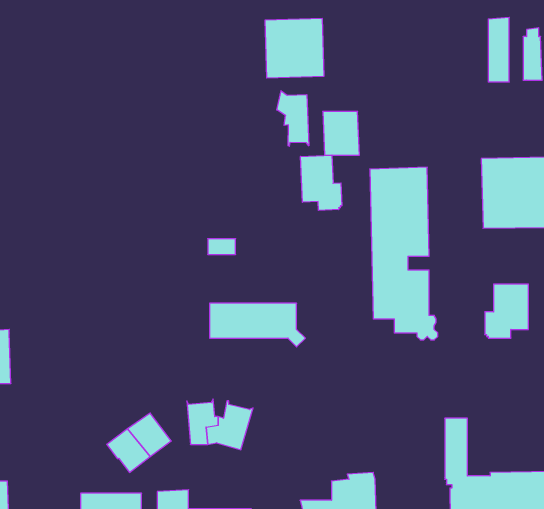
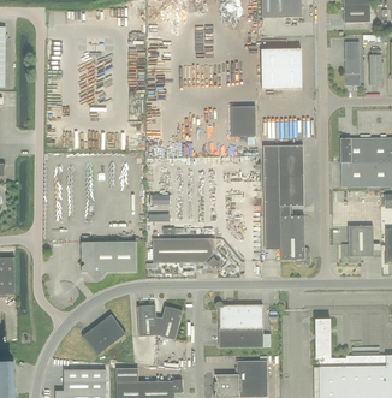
building: [265,19,324,78] -> [260,48,301,89]
building: [277,91,309,146] -> none
building: [301,155,342,210] -> none
building: none -> [77,240,135,280]
building: none -> [214,301,269,347]

